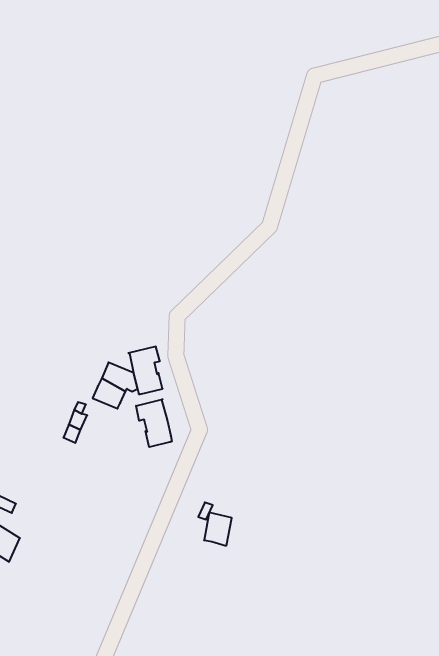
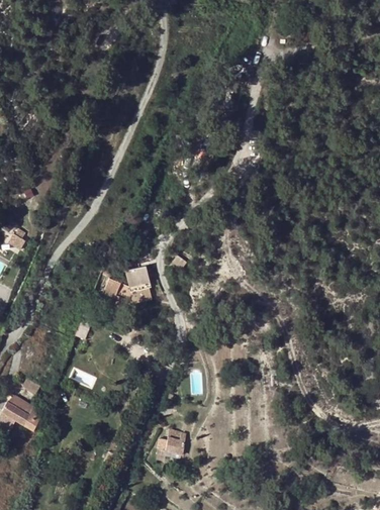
building: [136,399,172,447] -> none
building: [204,513,232,546] -> [165,429,186,454]

